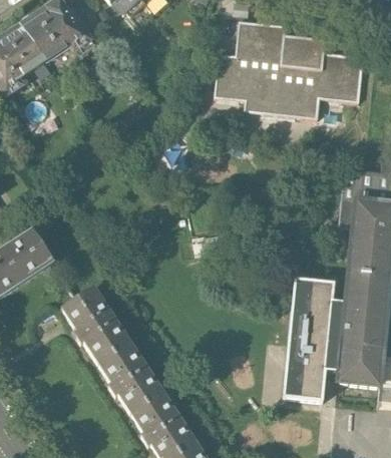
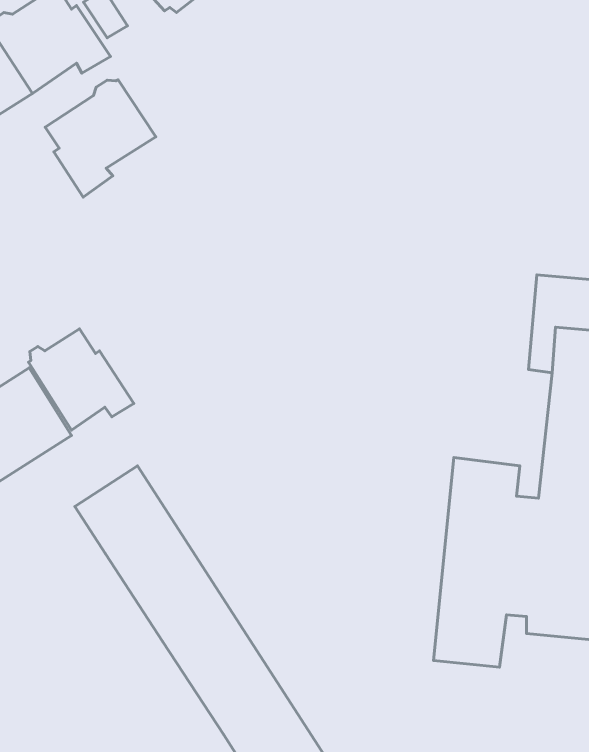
building: [210,23,359,121] -> none
building: none -> [45,80,156,197]
building: none -> [28,329,134,430]

